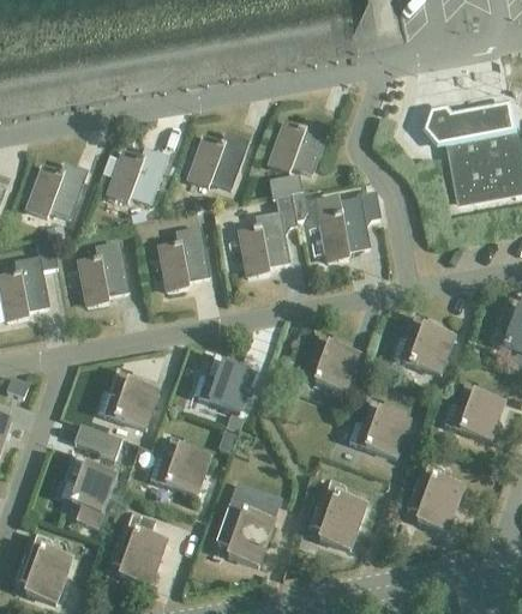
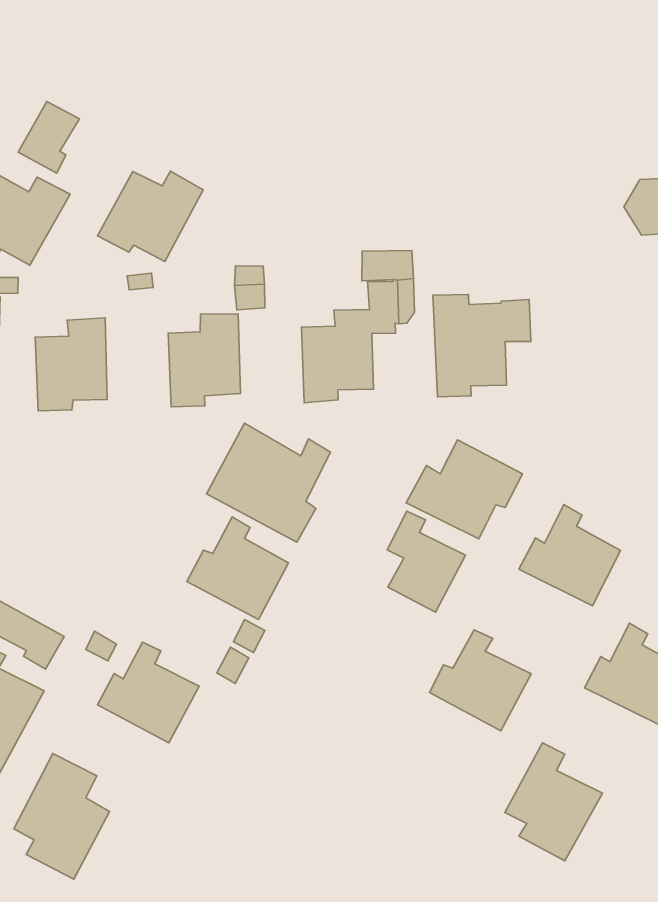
building: none -> [18,102,79,173]
building: [269,119,328,173] -> none
building: [187,133,247,187] -> none
building: none -> [406,440,522,539]
building: none -> [206,423,331,542]
building: [98,369,158,428] -> none
building: [308,478,365,548] -> none
building: [216,483,280,565] -> none

